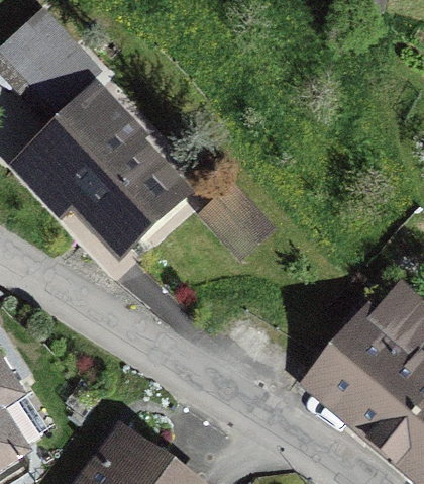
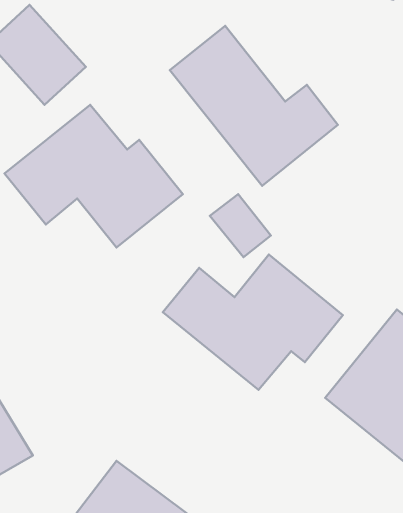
building: none -> [170,26,338,186]
building: none -> [163,255,343,390]

